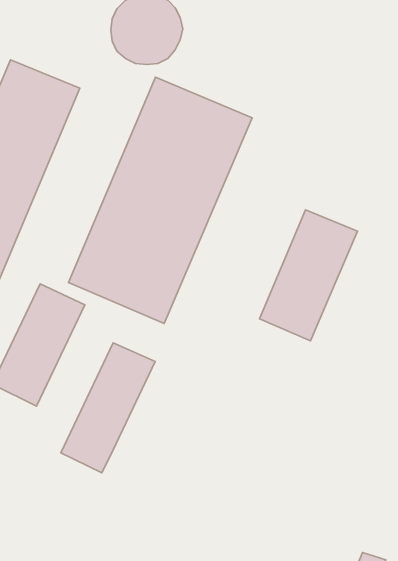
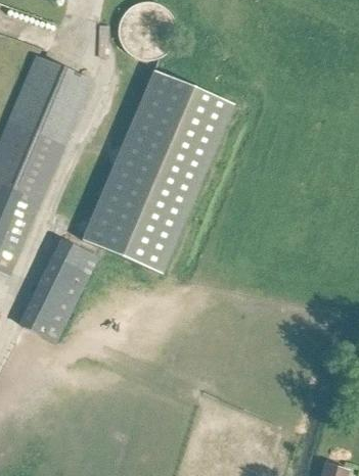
building: [259,210,358,341] -> none
building: [61,343,155,473] -> none

